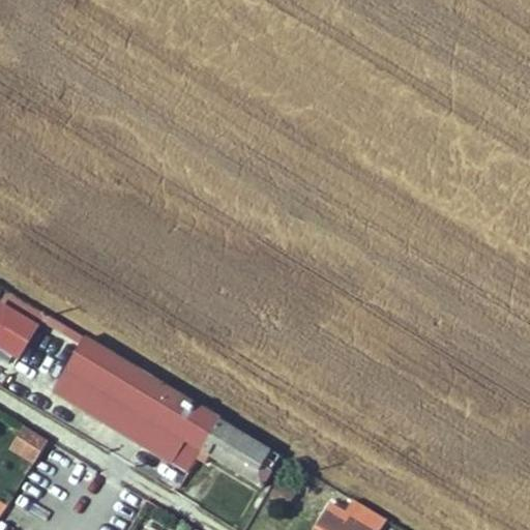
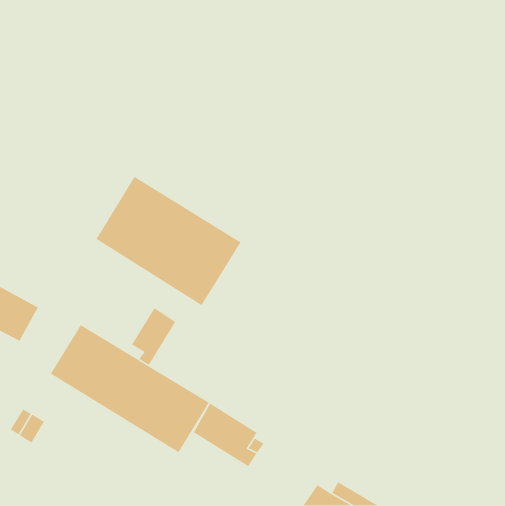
building: none -> [96,176,242,306]
building: none -> [131,307,176,366]

